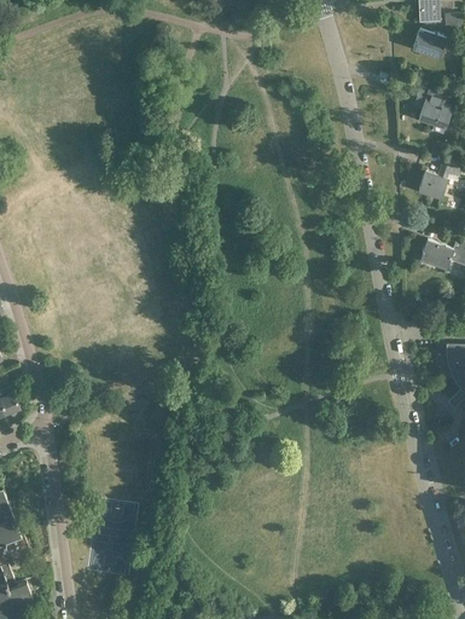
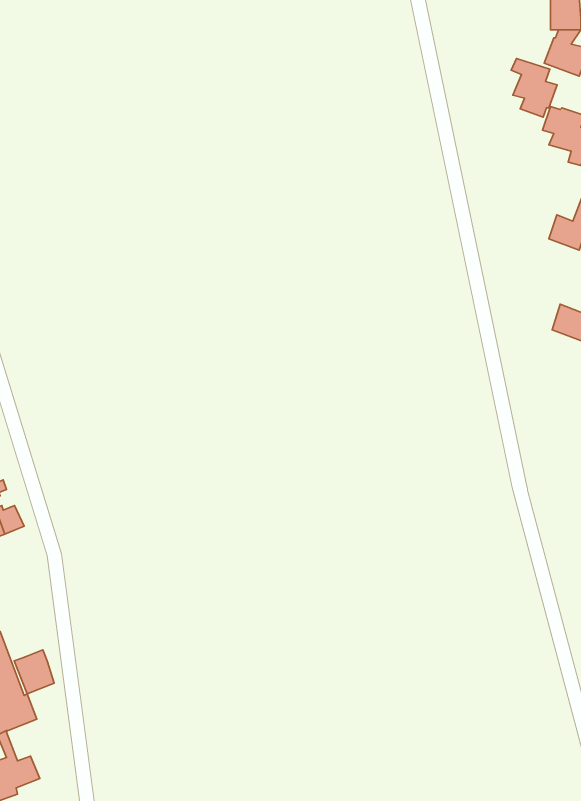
building: none -> [511,59,557,117]
building: none -> [14,650,54,694]

